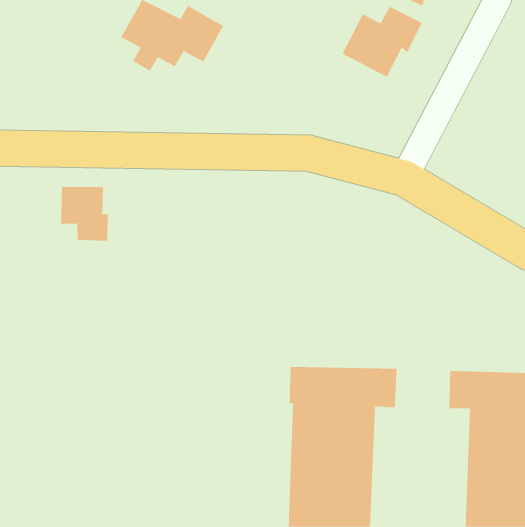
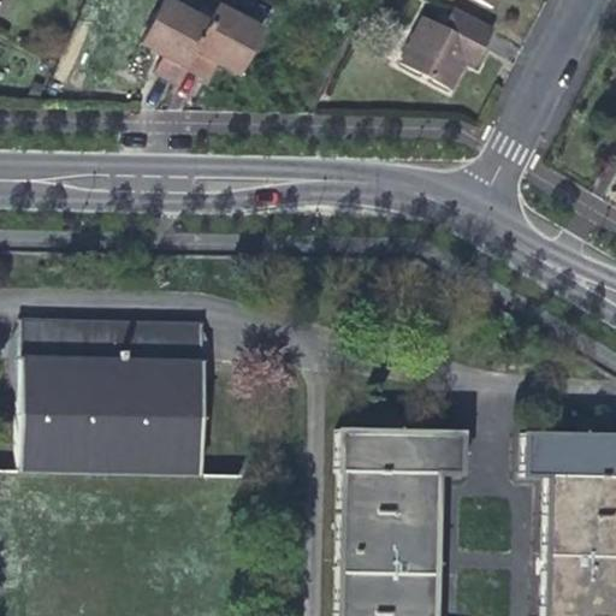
building: [61,186,109,241] -> none
building: none -> [19,319,206,475]

